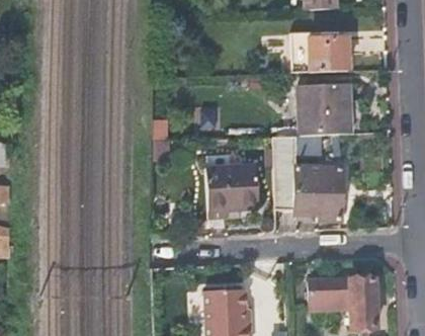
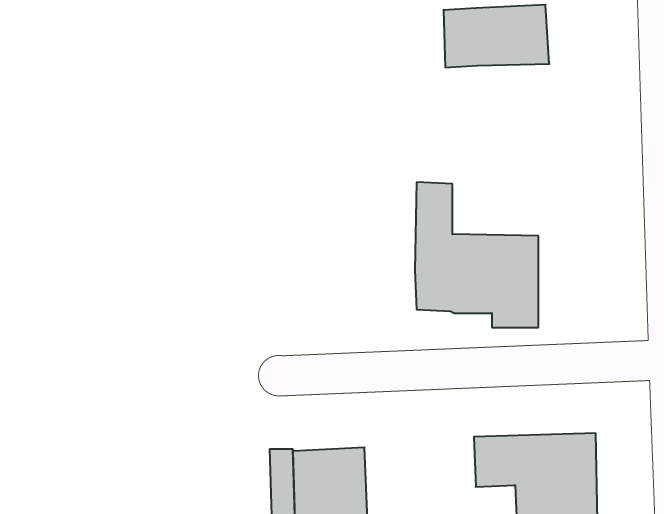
building: [298,83,350,135] -> none
building: [206,165,258,209] -> none

